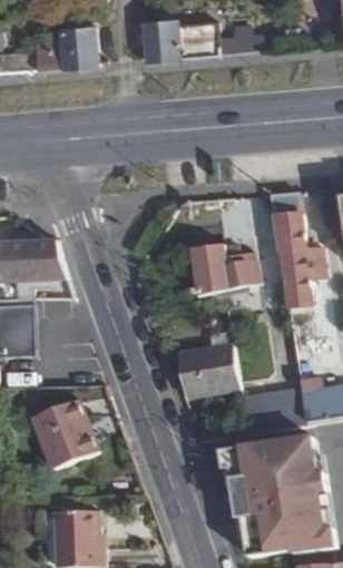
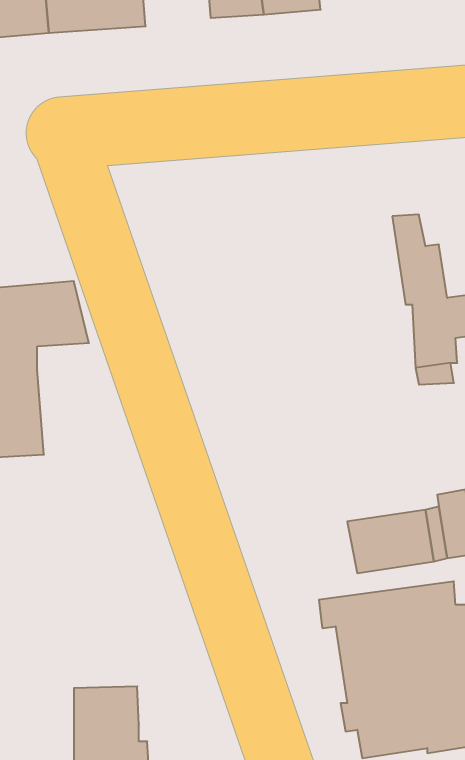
building: [185,241,255,294] -> none
building: [174,345,234,399] -> none
building: [30,394,96,464] -> none

